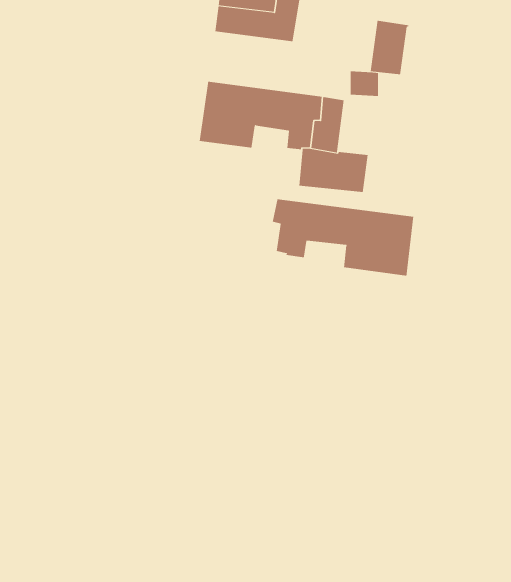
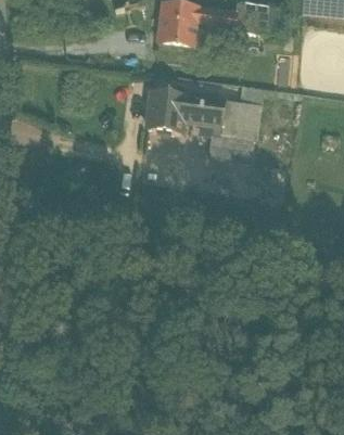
building: [370,20,409,75] -> [233,99,258,133]
building: [272,199,414,276] -> none

